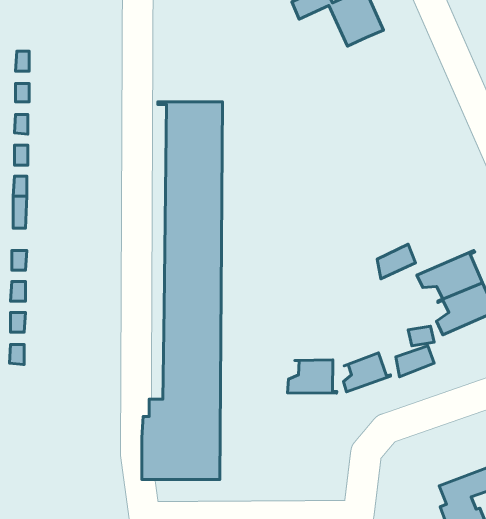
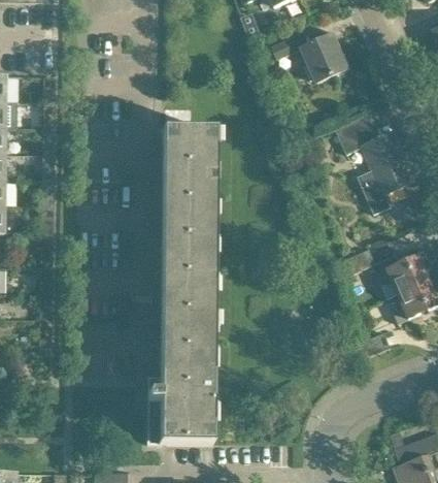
building: none -> [337,110,415,213]
building: [343,353,391,392] -> none
building: [288,360,337,393] -> none

